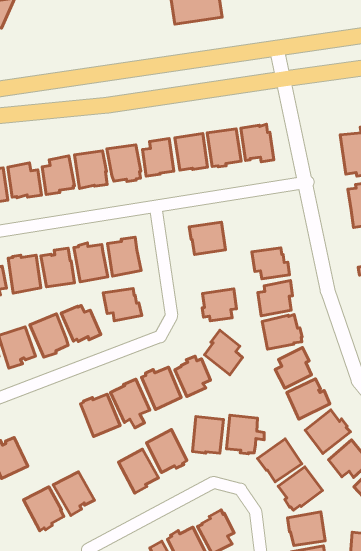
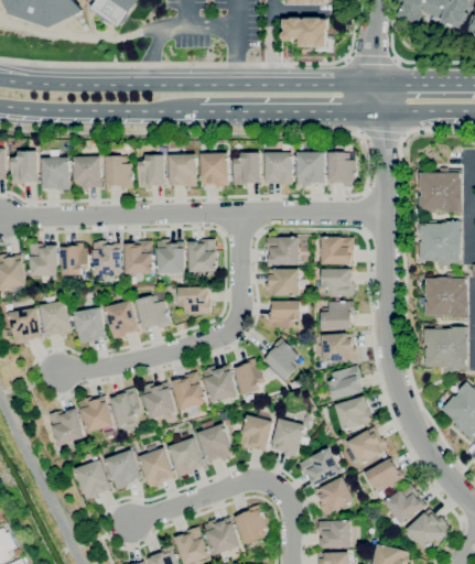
building: none -> [321,238,353,265]
building: none -> [265,270,299,296]
building: none -> [110,388,142,426]
building: none -> [78,397,112,433]
building: none -> [139,445,173,488]

